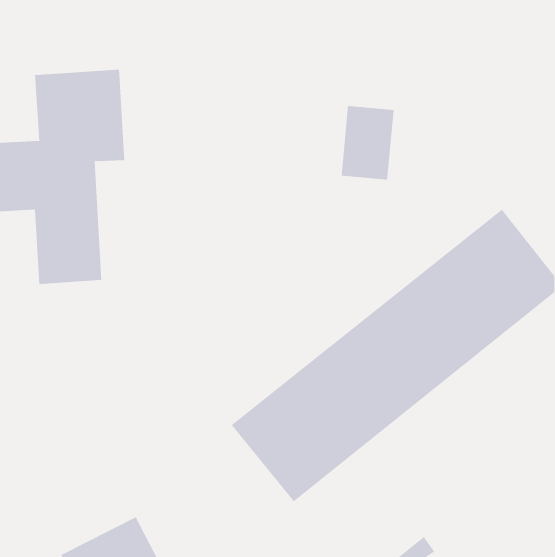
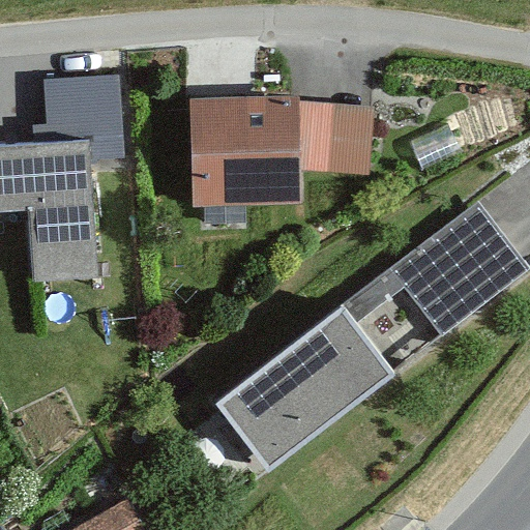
building: none -> [187,97,298,205]

